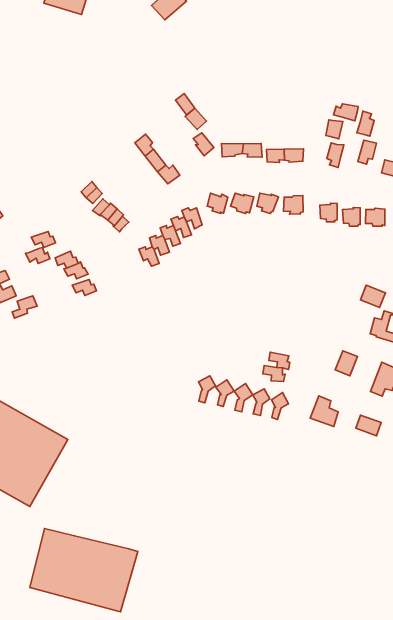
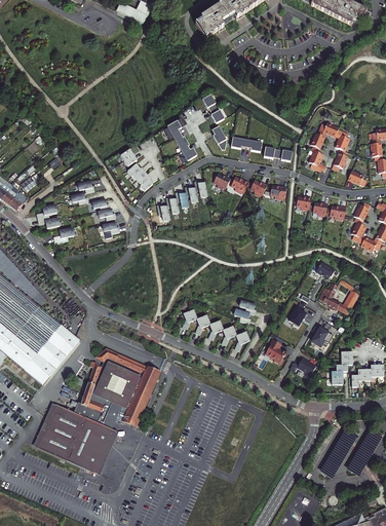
building: none -> [73,347,160,428]

